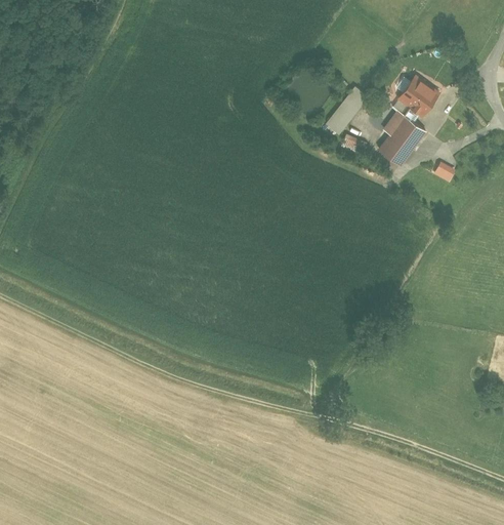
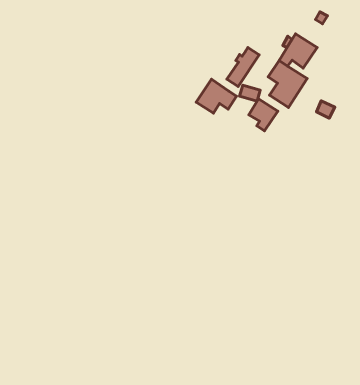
building: none -> [196,79,237,113]
building: none -> [249,99,278,131]

